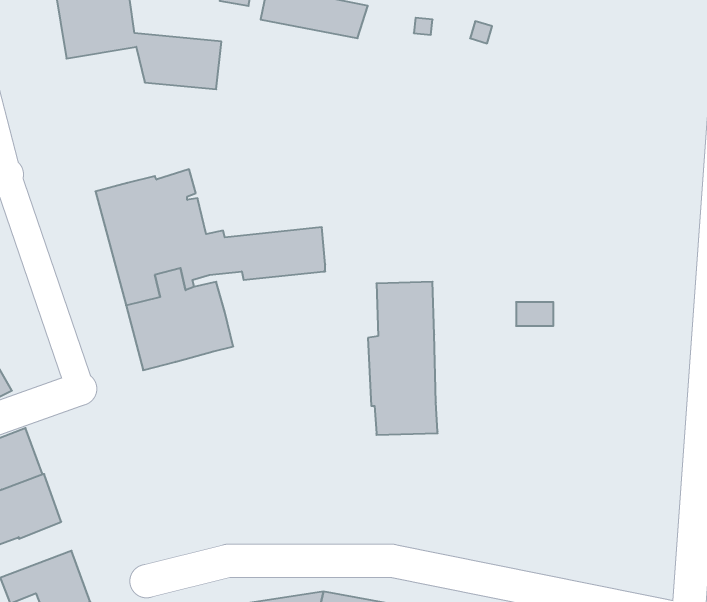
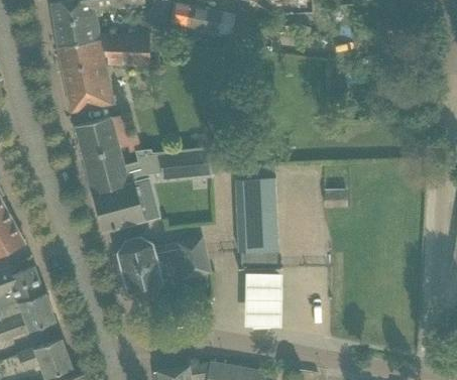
building: none -> [58,41,112,114]
building: none -> [116,237,210,300]
building: none -> [243,273,280,327]

